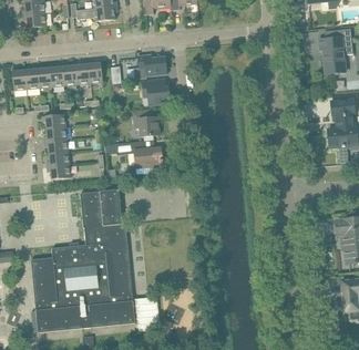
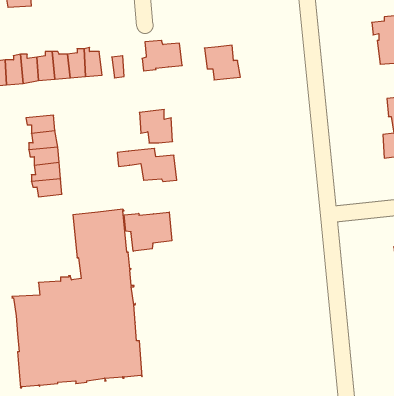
building: [142,78,171,105] -> [204,45,240,80]
building: none -> [124,212,172,251]

